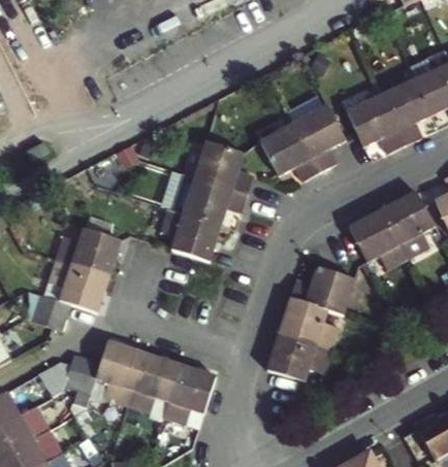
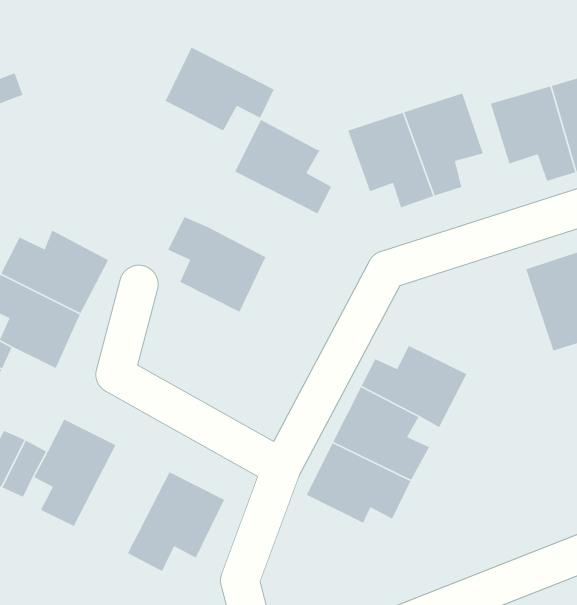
building: [181,175,248,225] -> [165,47,275,132]
building: [348,208,406,268] -> none
building: [126,355,180,416] -> none

